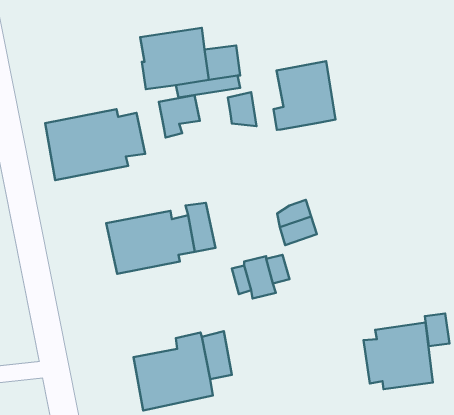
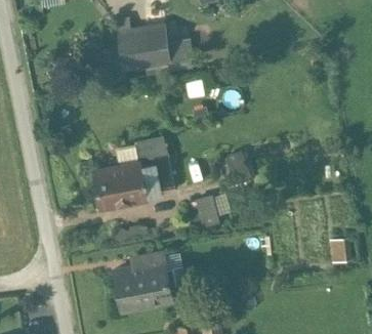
building: [274,61,335,130] -> none
building: [159,95,200,137] -> [135,135,166,167]
building: [45,109,145,180] -> none
building: [364,323,433,389] -> none

